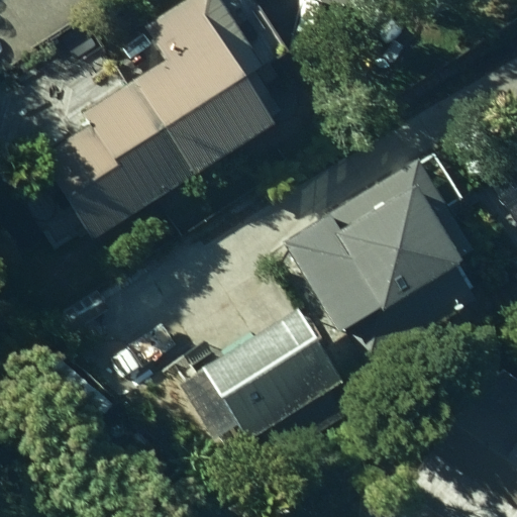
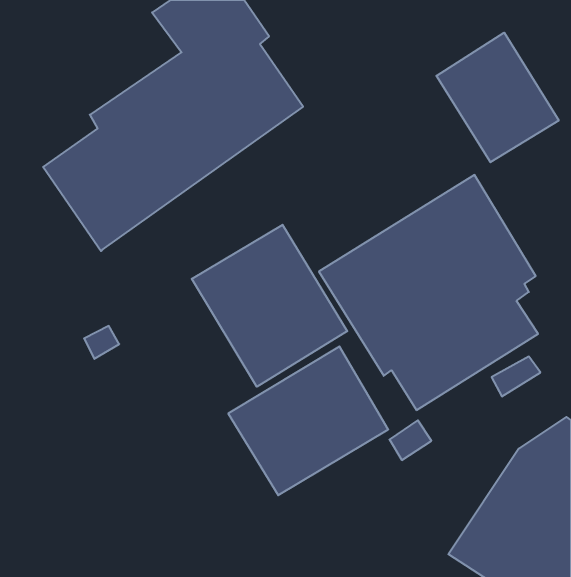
building: none -> [436,33,559,162]
building: none -> [192,225,347,387]

